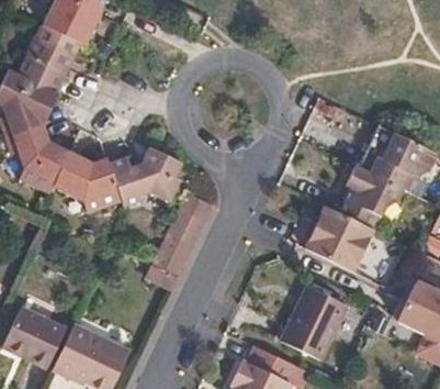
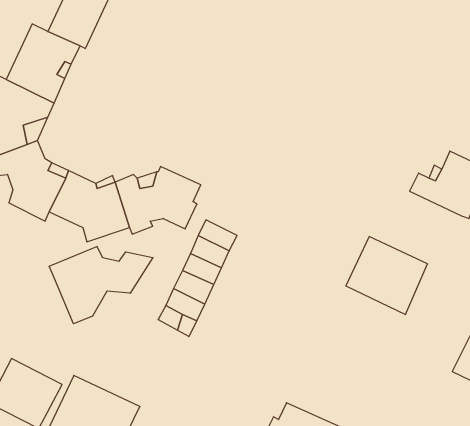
building: [338,165,402,229] -> none
building: none -> [49,246,153,324]
building: [282,285,349,359] -> none

